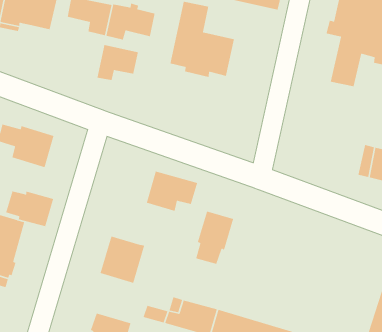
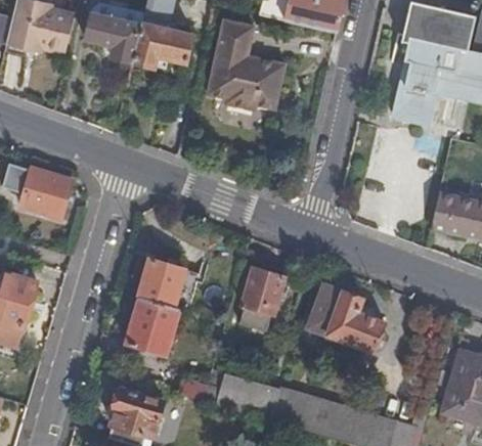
building: [97,44,139,81] -> none
building: [146,170,198,212] -> [138,258,201,307]
building: [5,191,54,227] -> none
building: none -> [308,284,385,351]

